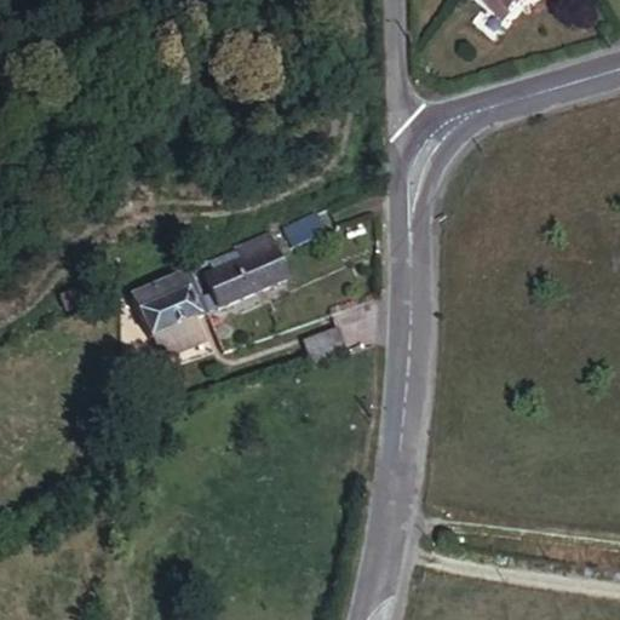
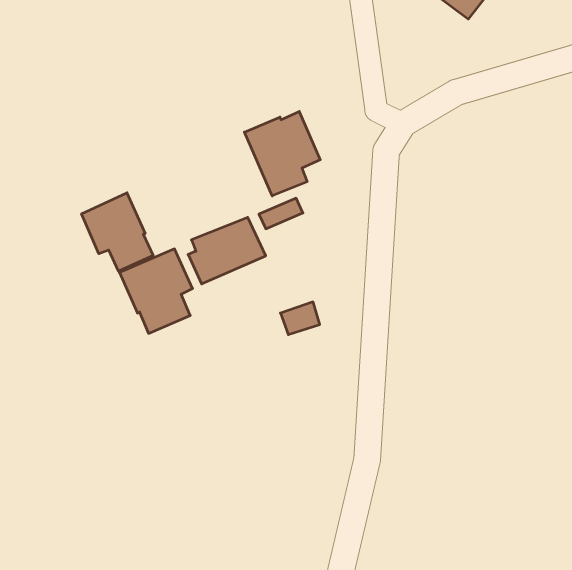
building: none -> [244,111,320,196]
building: none -> [82,193,153,271]

